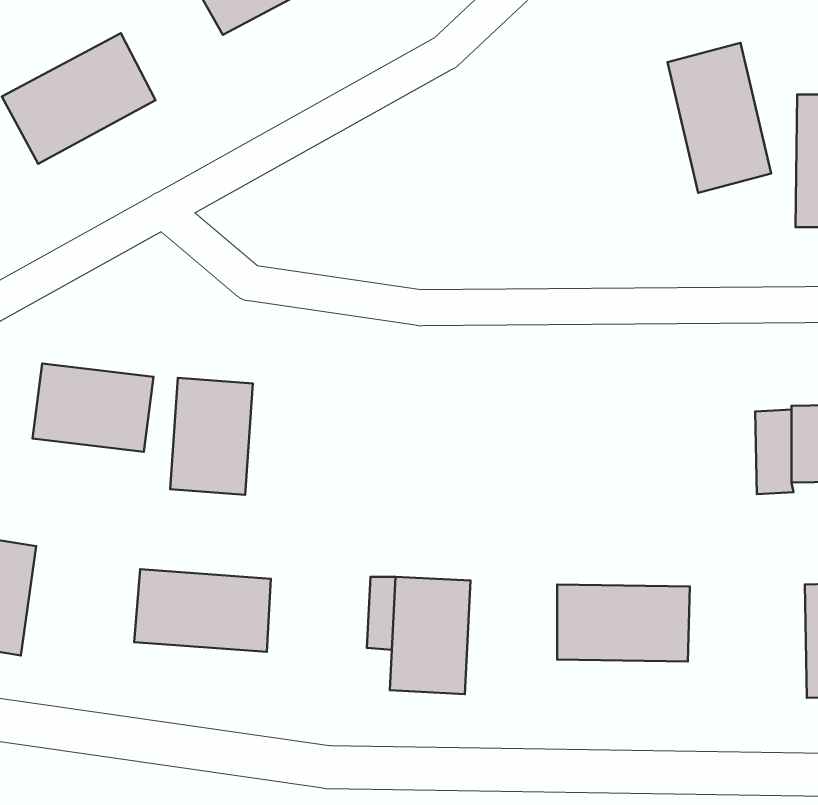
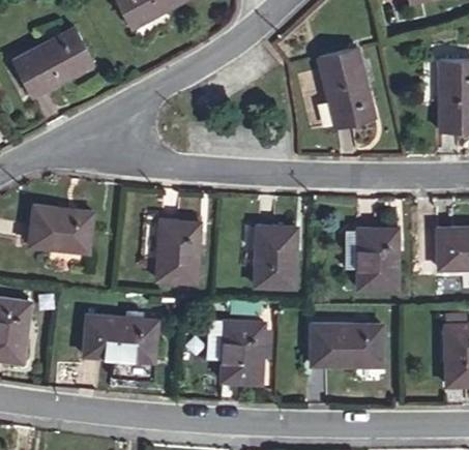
building: [667,43,771,193] -> [319,47,375,127]
building: [170,378,253,495] -> [156,219,201,282]
building: none -> [255,226,297,288]
building: none -> [347,228,399,289]

